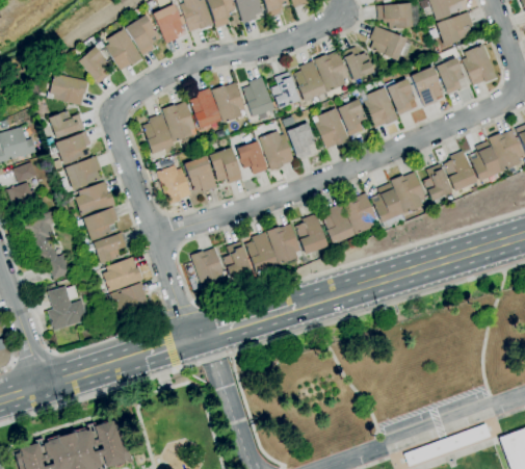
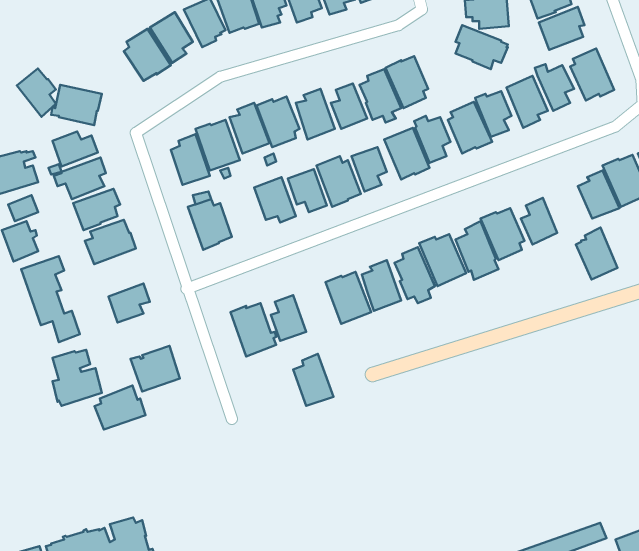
building: [79,46,110,84] -> [17,69,56,117]
building: [343,46,375,80] -> none
building: [444,150,477,191] -> [576,228,617,280]
building: [186,156,217,191] -> none
building: [83,206,120,240] -> none
building: [246,231,279,272] -> [293,354,333,406]
building: [103,256,143,291] -> [95,385,145,430]

